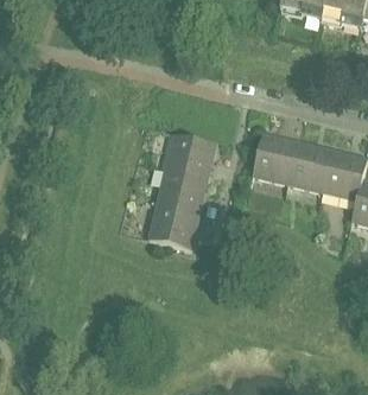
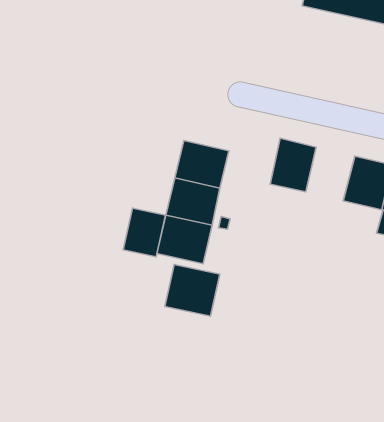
building: [286,139,331,189] -> none
building: none -> [123,208,165,257]
building: none -> [165,264,220,316]

